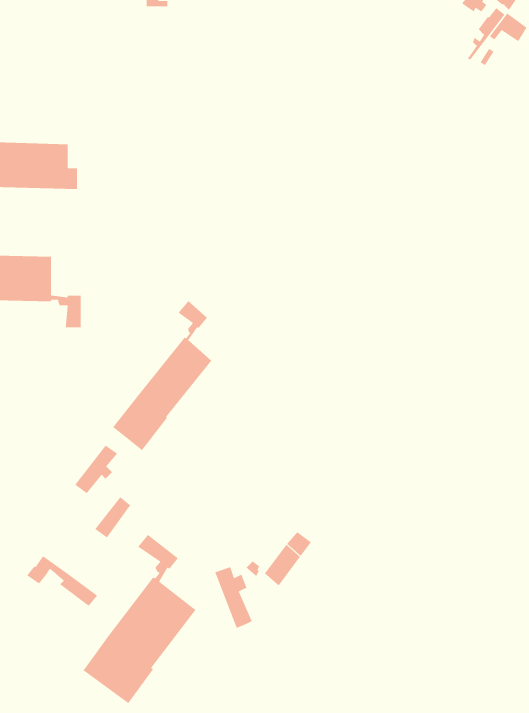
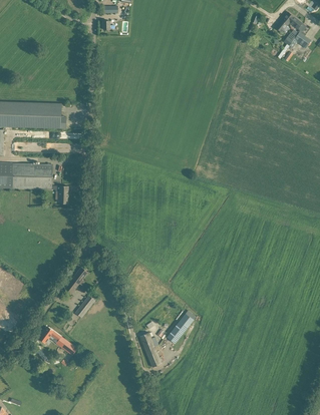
building: [112,300,212,451] -> none
building: [83,534,196,704] -> none

